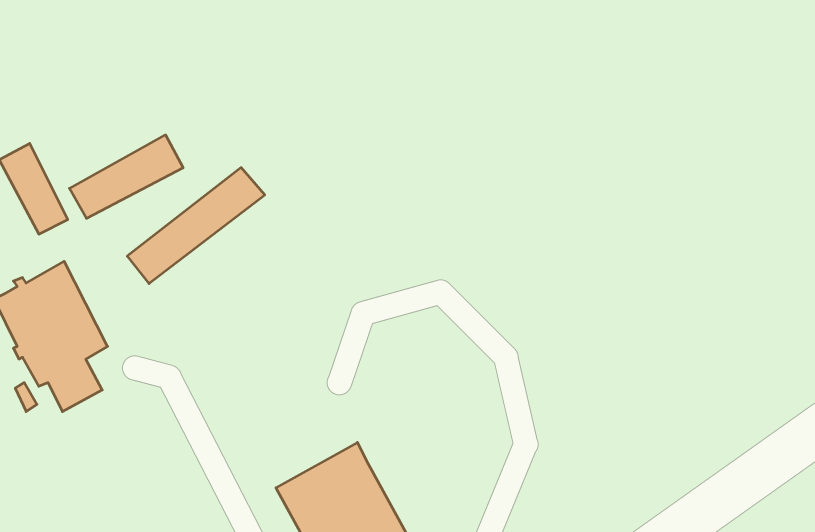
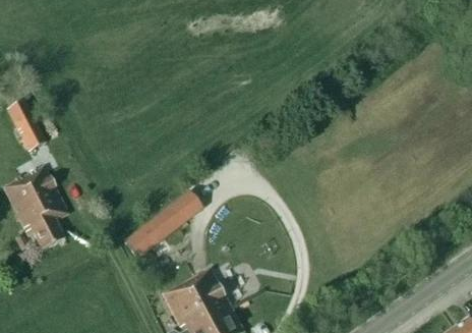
building: [69,135,183,218] -> none
building: [127,168,265,284] -> [124,191,201,257]

